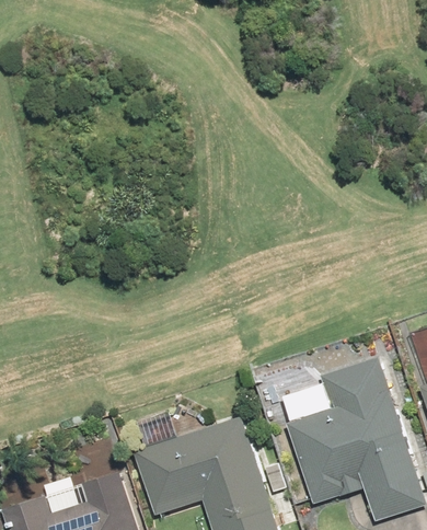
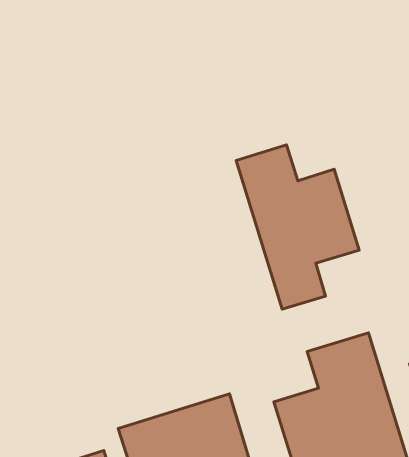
building: none -> [236,145,359,309]

